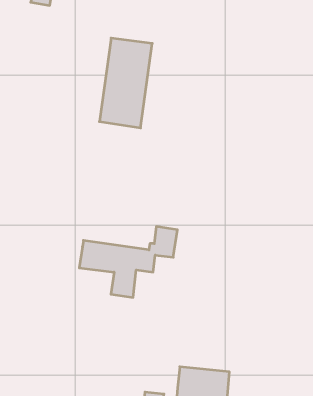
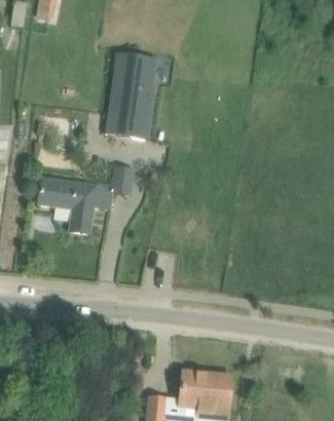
building: [79,227,177,297] -> [37,164,133,233]

